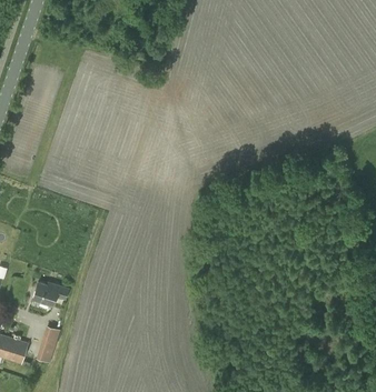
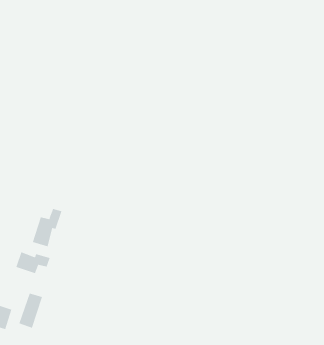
building: none -> [32,208,62,247]

